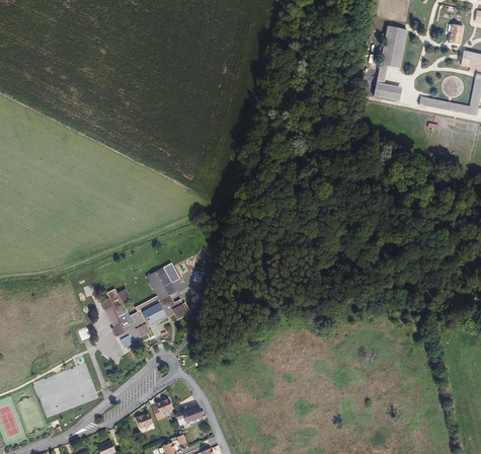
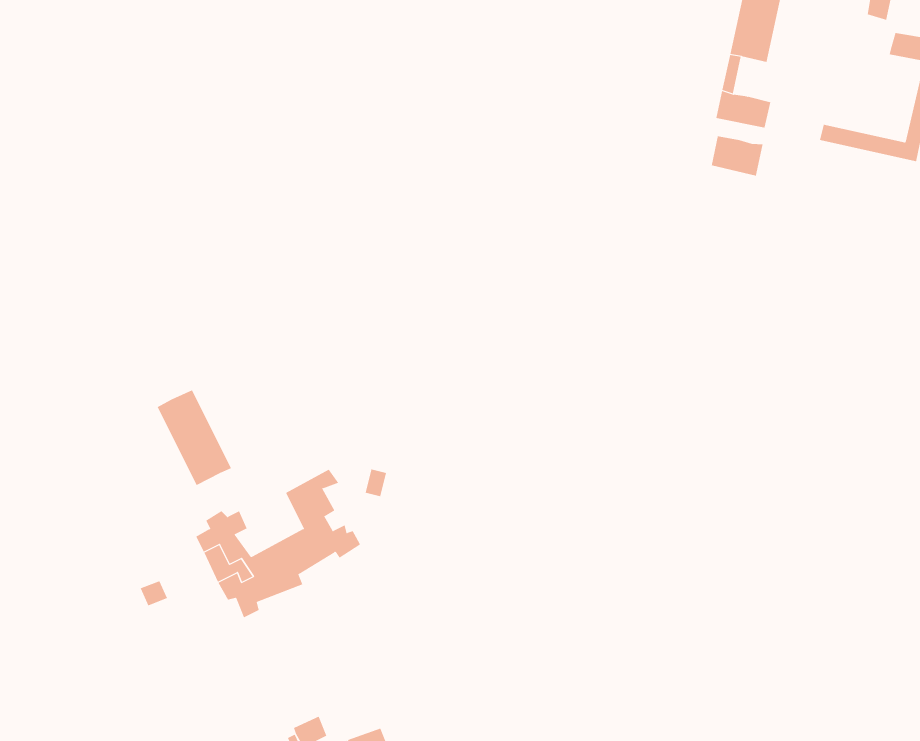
building: none -> [711,136,763,176]
building: none -> [157,389,232,486]

